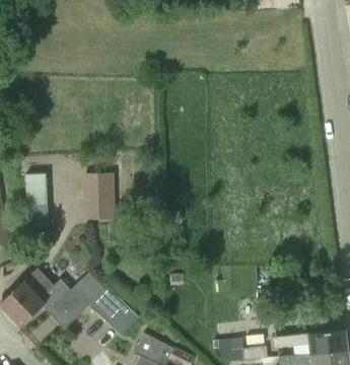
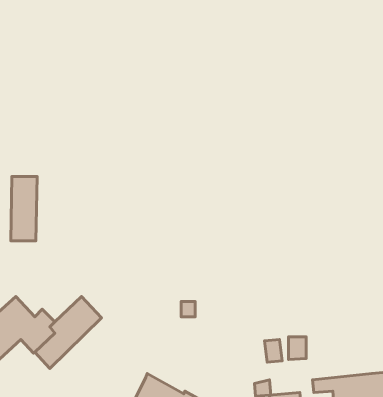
building: [83,173,113,219] -> none
building: [95,285,141,331] -> none

